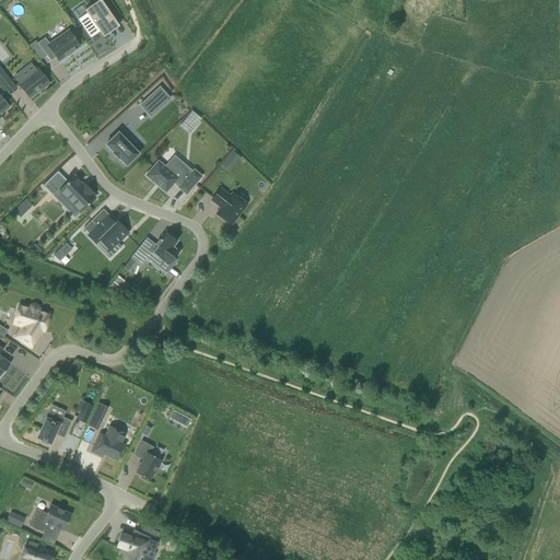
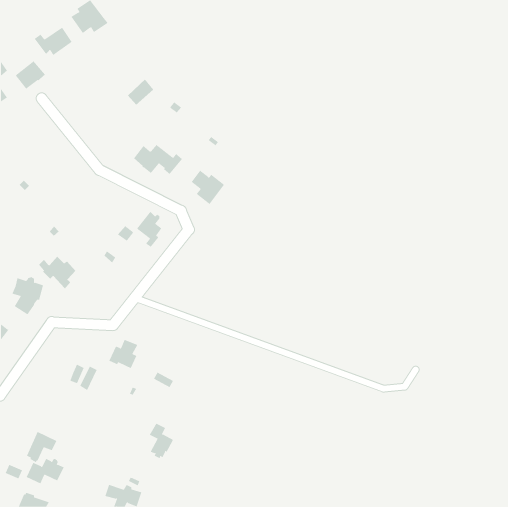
building: [105,133,137,166] -> none
building: [42,171,94,217] -> none
building: [82,215,124,253] -> [38,256,76,290]
building: [37,410,71,445] -> [26,431,57,463]
building: [92,427,125,459] -> [108,339,138,369]
building: [135,441,162,480] -> [149,423,174,459]

